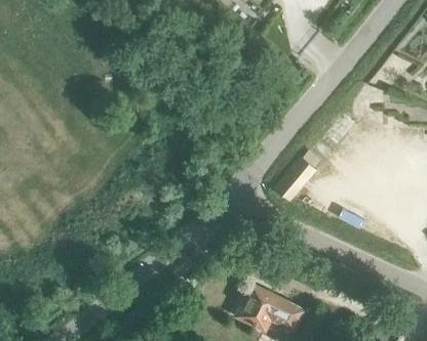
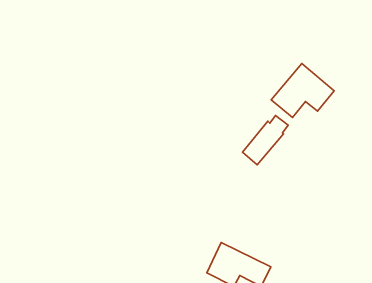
building: none -> [271,63,334,117]

